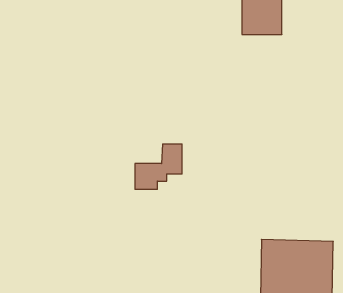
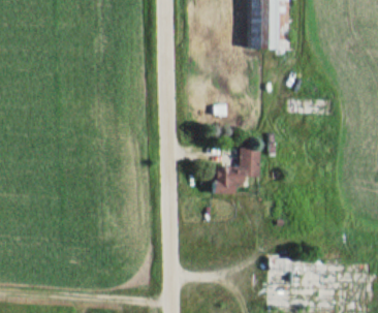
building: [135,144,182,189] -> [213,148,260,193]

